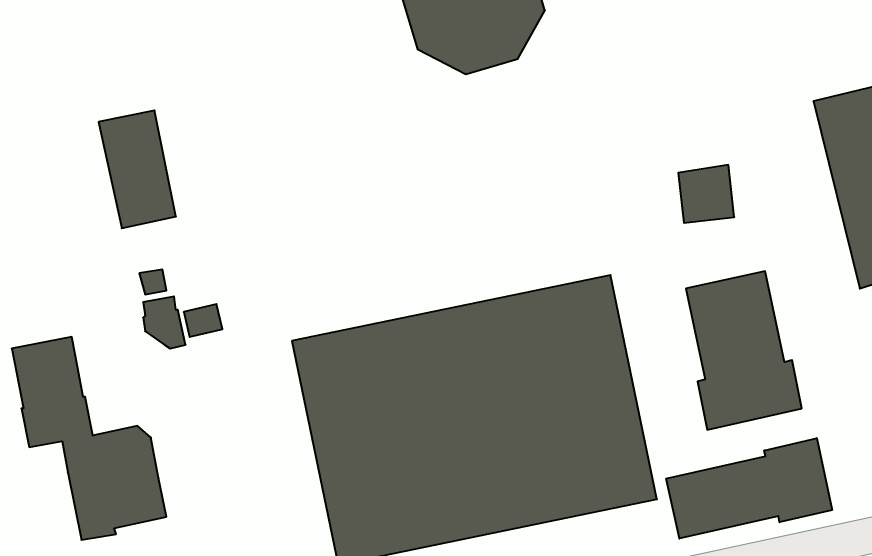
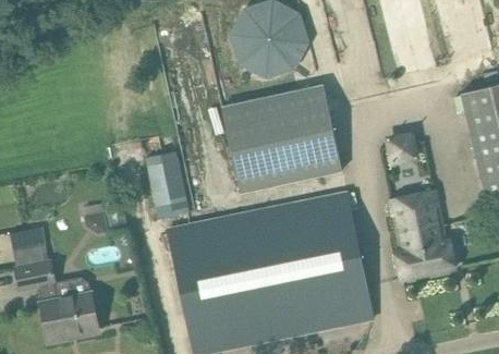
building: none -> [221,84,342,192]
building: [99,110,176,228] -> [145,150,188,217]
building: [666,438,832,539] -> none

